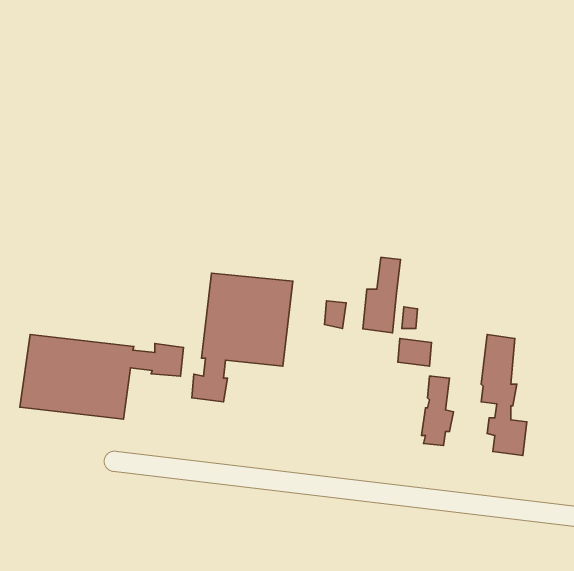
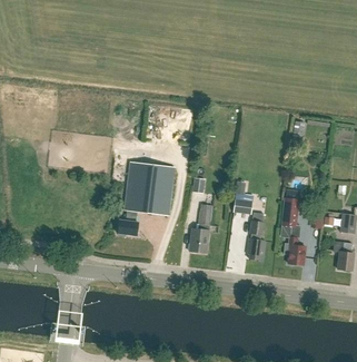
building: [363,258,401,333] -> [189,209,210,252]
building: [20,335,184,419] -> none

